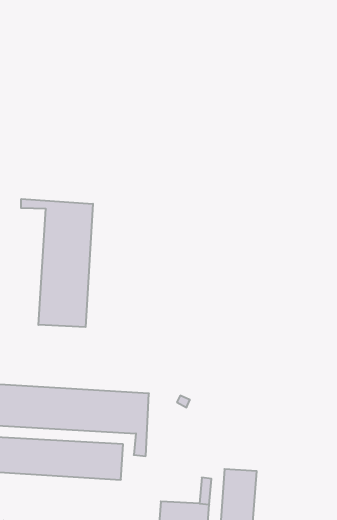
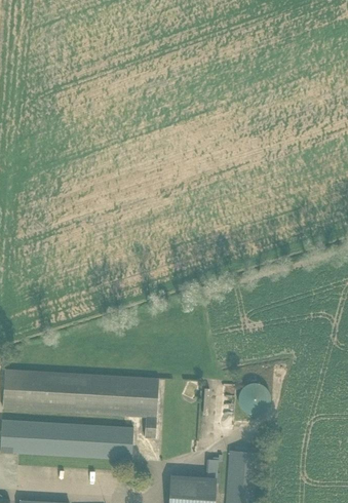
building: [21,199,93,327] -> none
building: none -> [238,383,268,413]

